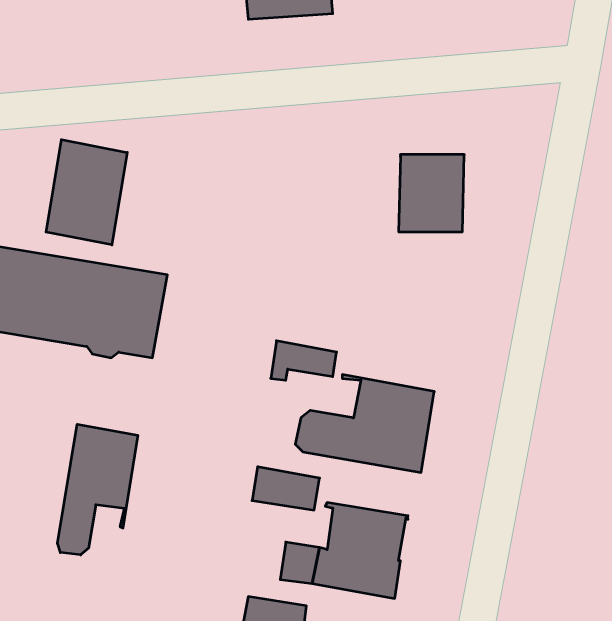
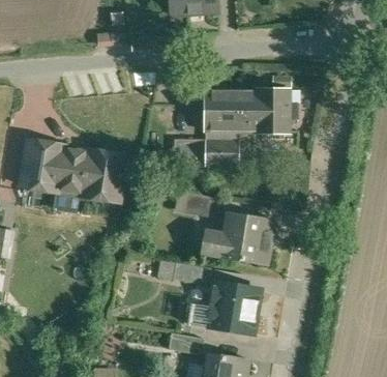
building: [46,140,127,245] -> none
building: none -> [189,90,255,166]
building: [57,424,138,555] -> none

